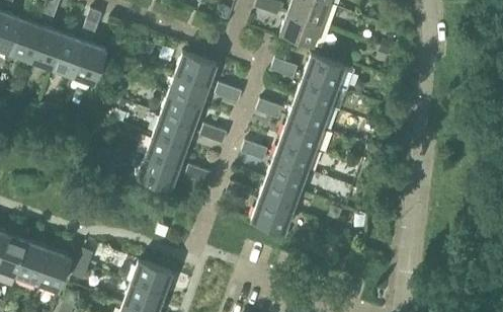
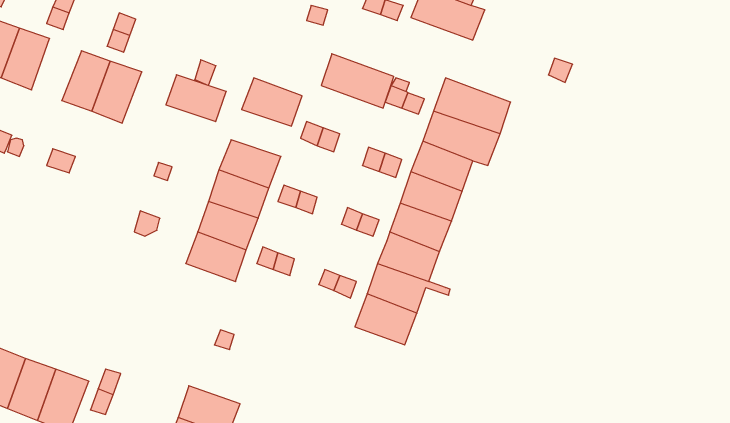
building: [279,14,328,51] -> [321,54,394,108]
building: [32,28,66,70] -> none
building: [166,76,206,107] -> [166,75,226,122]

